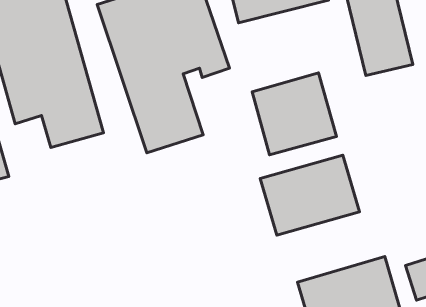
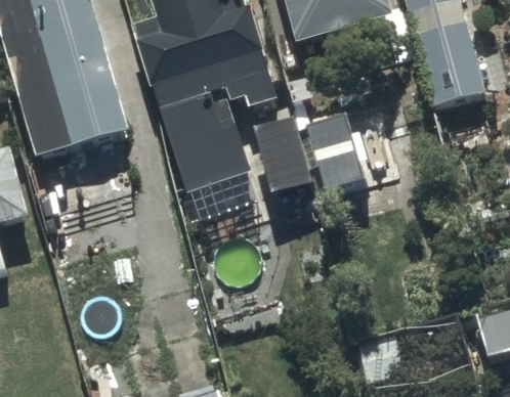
building: [260,155,359,235] -> none

